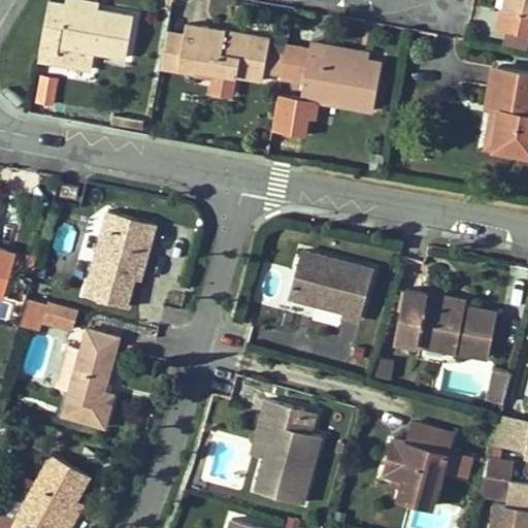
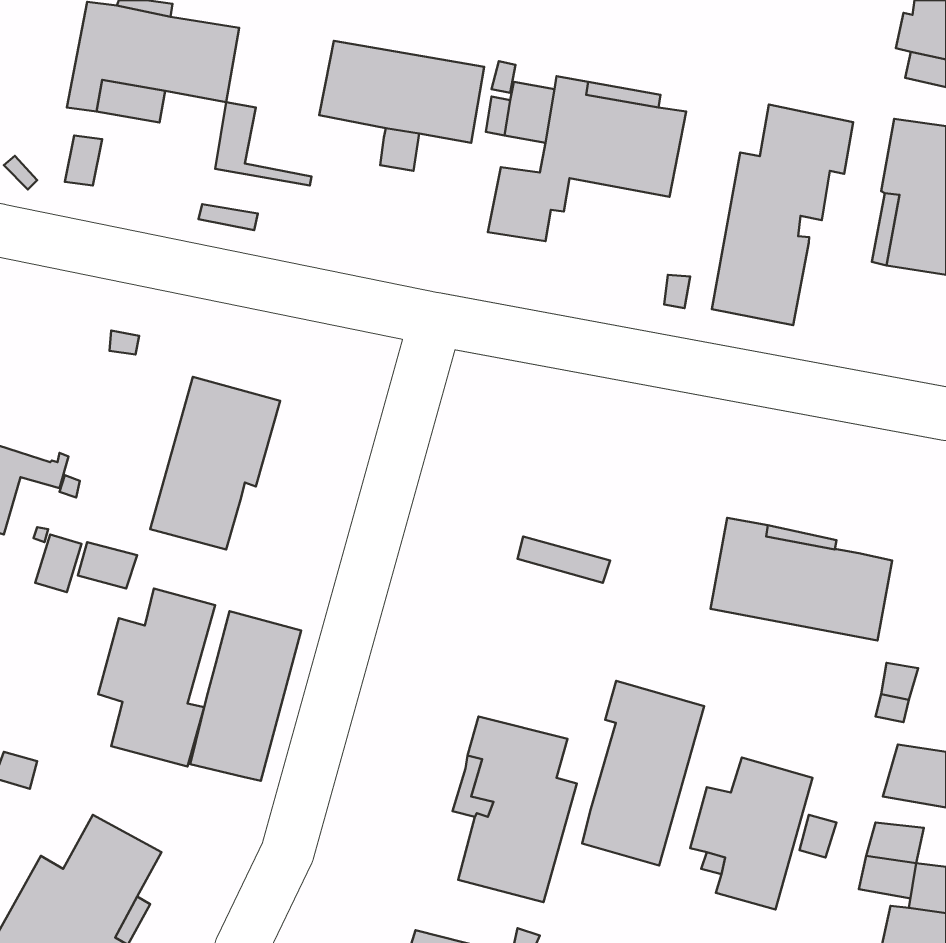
building: [161,33,214,79] -> [215,102,312,186]
building: none -> [712,105,853,325]
building: [288,252,373,322] -> none
building: none -> [190,611,301,781]
building: none -> [582,681,704,866]

